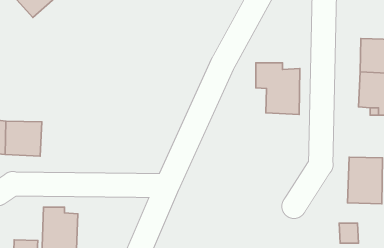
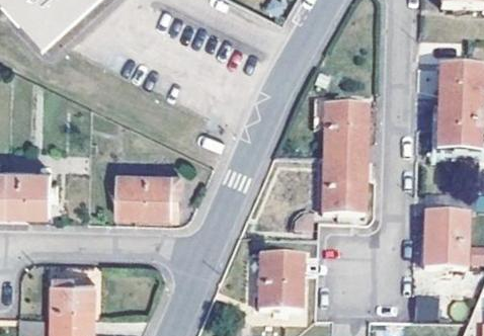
building: none -> [323,162,365,217]
building: none -> [117,174,181,219]
building: none -> [257,257,302,314]

